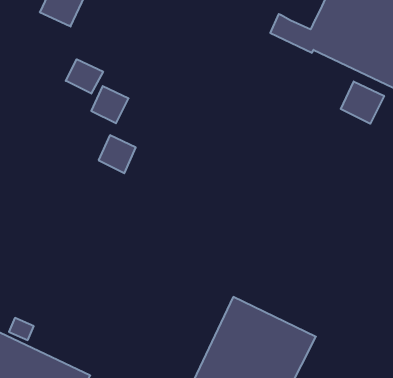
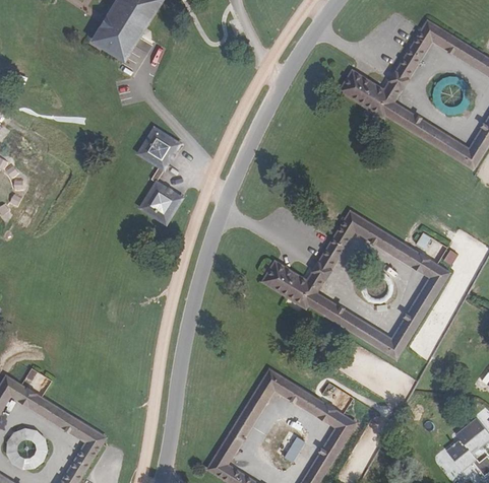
building: [66,59,103,94] -> none
building: [341,81,384,124] -> none
building: none -> [264,207,449,353]

